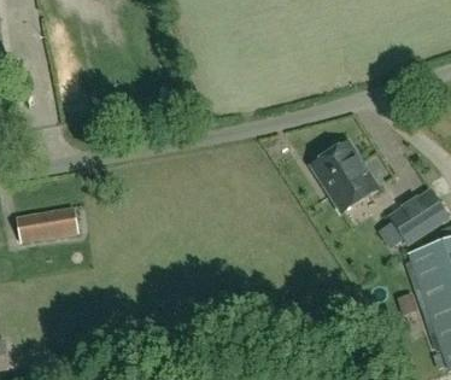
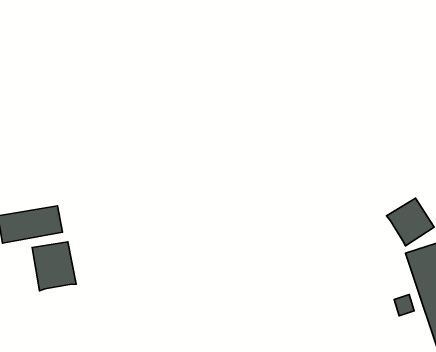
building: [311,141,377,211] -> none
building: none -> [32,242,76,291]

